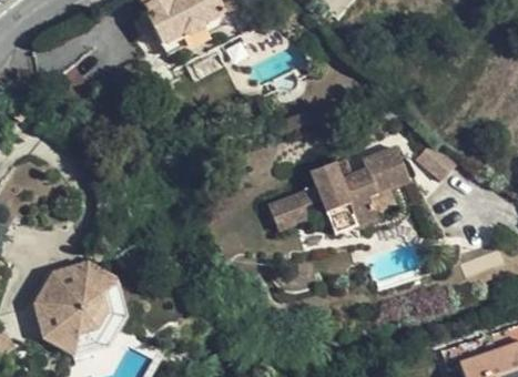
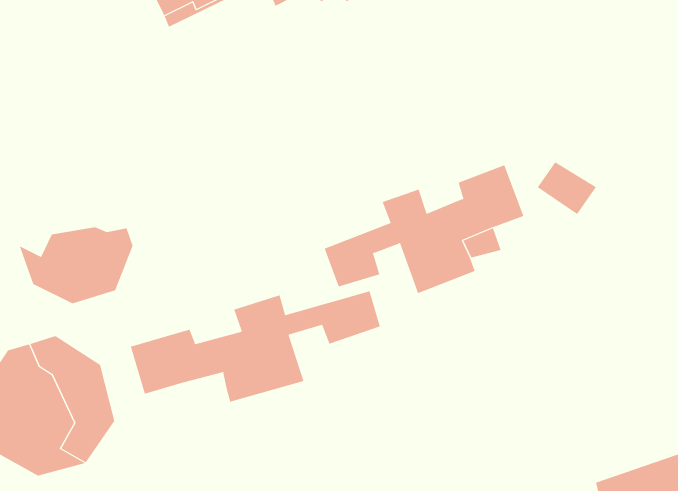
building: none -> [19,226,133,304]
building: none -> [130,291,380,402]

